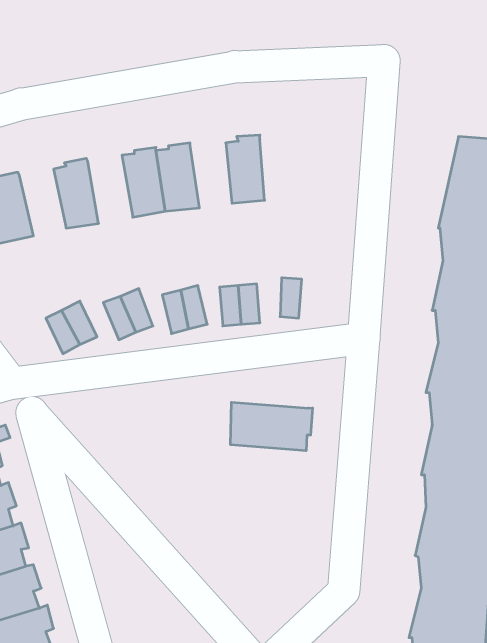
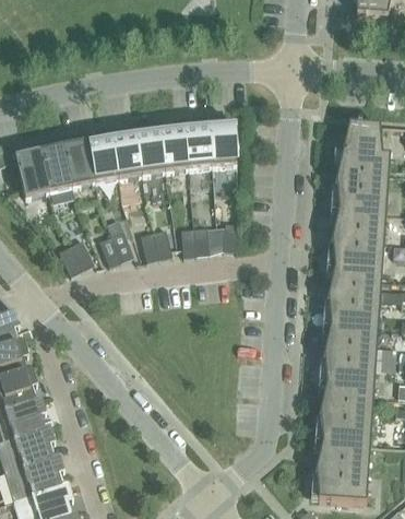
building: none -> [209,121,236,168]
building: none -> [159,125,189,174]
building: none -> [87,134,119,185]
building: none -> [39,143,72,193]
building: [231,402,313,451] -> none

